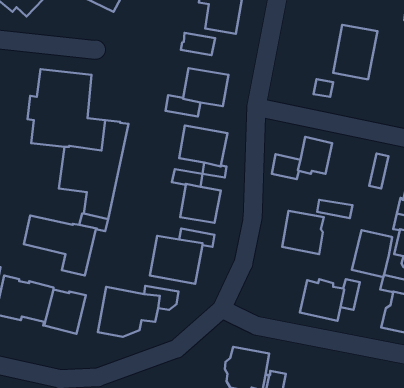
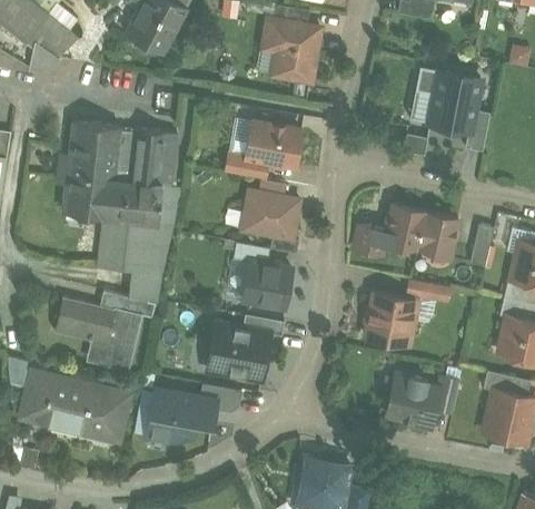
building: [181,33,215,55] -> none
building: none -> [463,111,488,151]
building: none -> [131,129,176,186]
building: none -> [417,212,457,260]
building: [352,230,392,277] -> none

